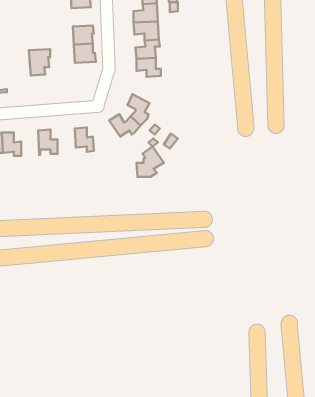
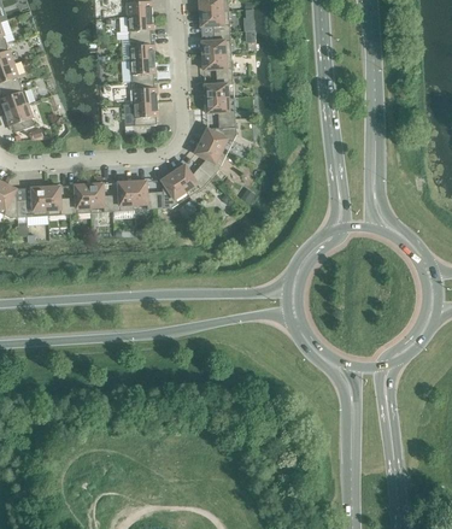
building: none -> [128,36,153,59]
building: [29,49,50,75] -> [131,101,157,133]
building: none -> [200,118,235,151]
building: none -> [111,181,133,211]
building: none -> [67,183,89,213]
building: [136,147,164,177] -> [153,171,186,207]

